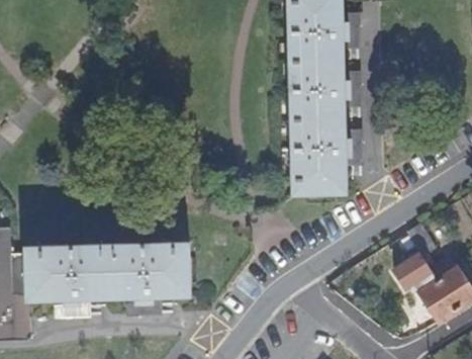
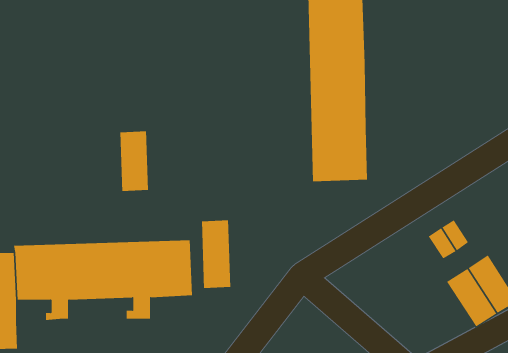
building: none -> [120,131,149,192]
building: none -> [201,220,231,289]

